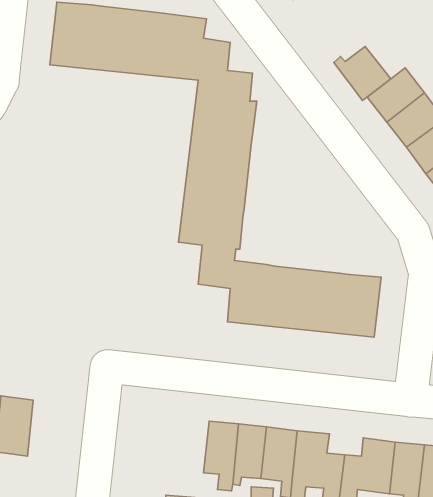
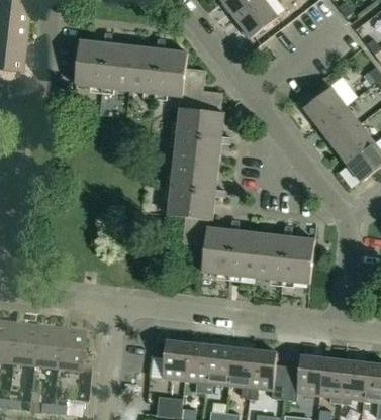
building: [334,47,391,101] -> none
building: none -> [58,327,85,371]
building: none -> [162,339,189,380]

